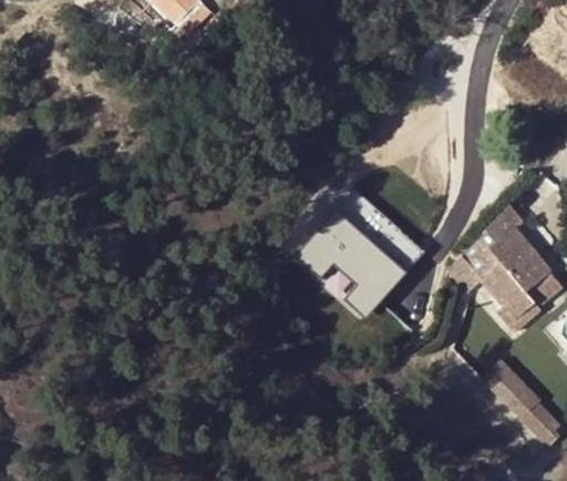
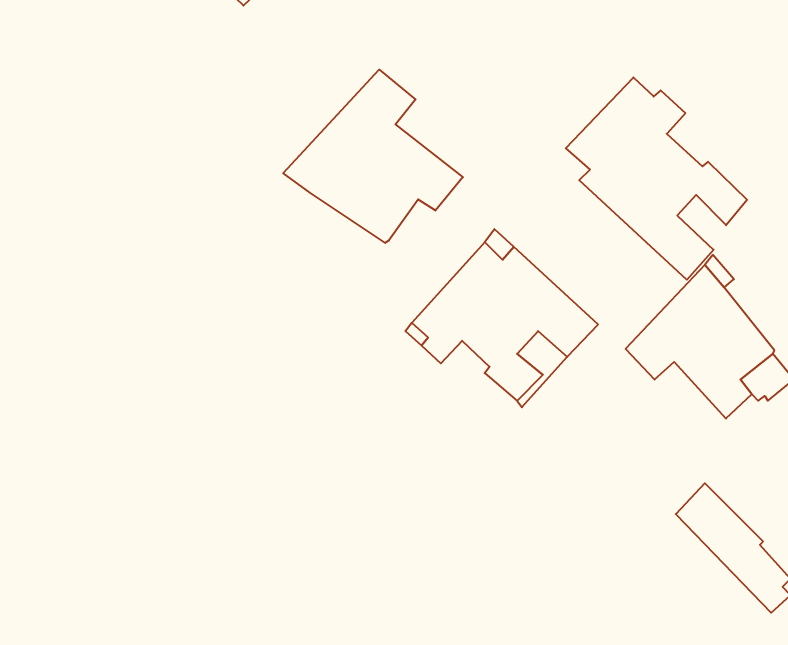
building: none -> [283,70,463,243]
building: none -> [566,77,747,280]

